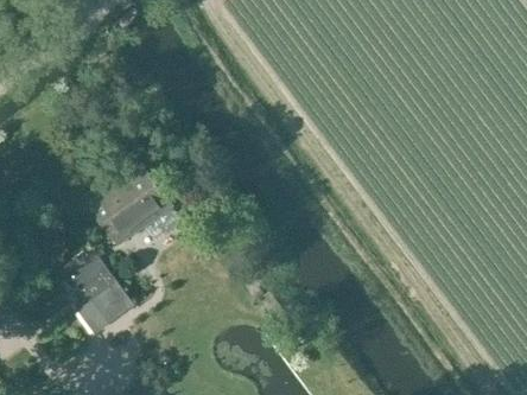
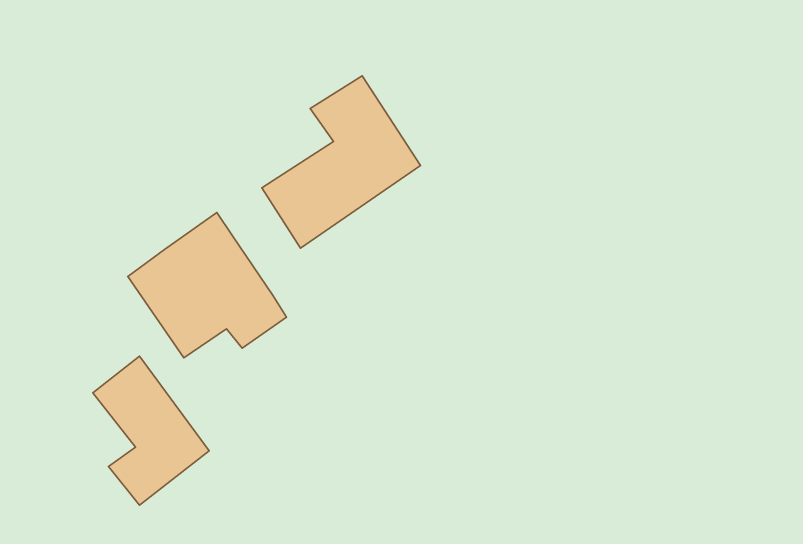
building: none -> [262,76,420,248]

